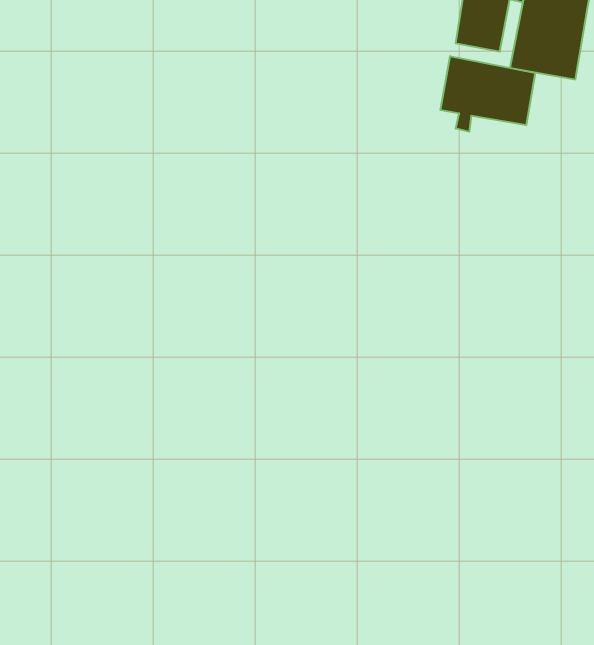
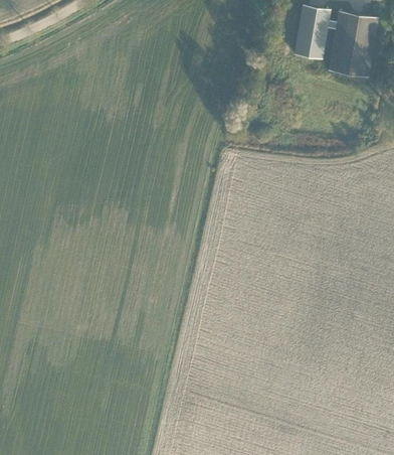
building: [440,56,535,132] -> none

